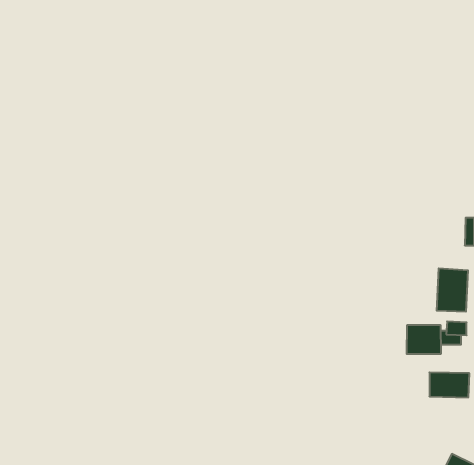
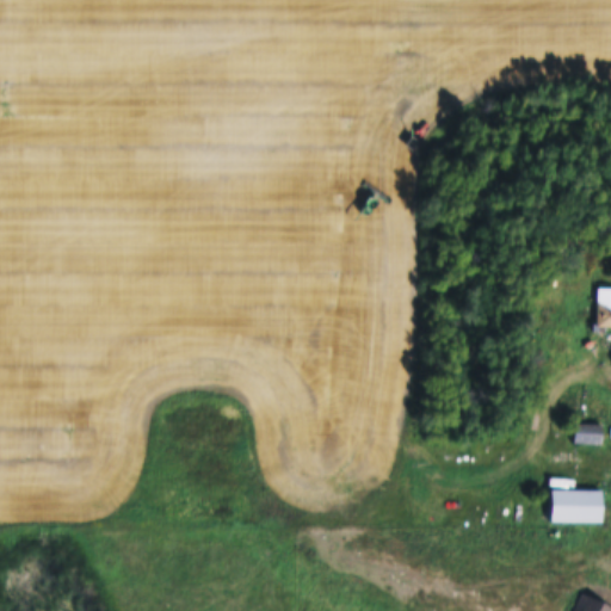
building: [437,268,468,312] -> none
building: [407,325,441,354] -> none

